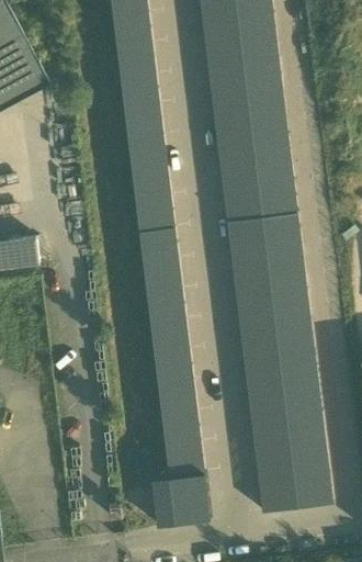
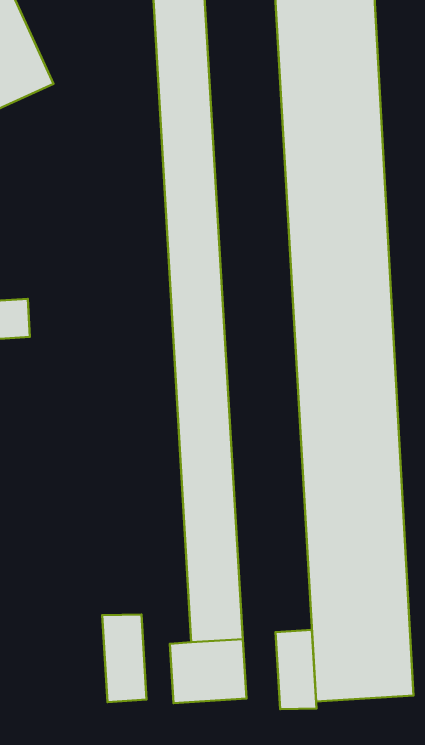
building: none -> [102,614,147,702]
building: none -> [276,630,317,709]

